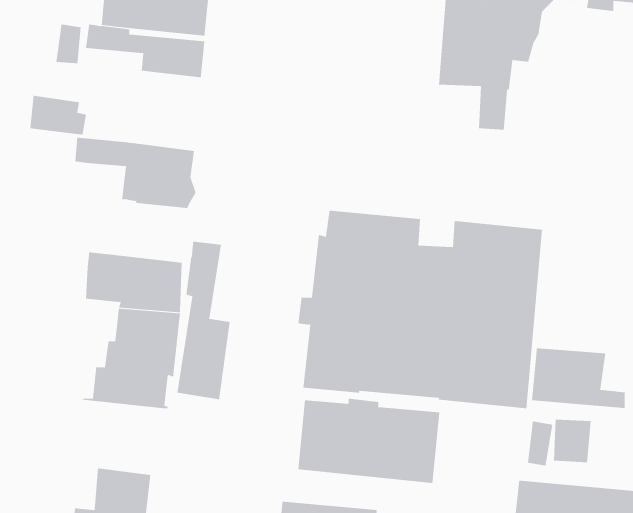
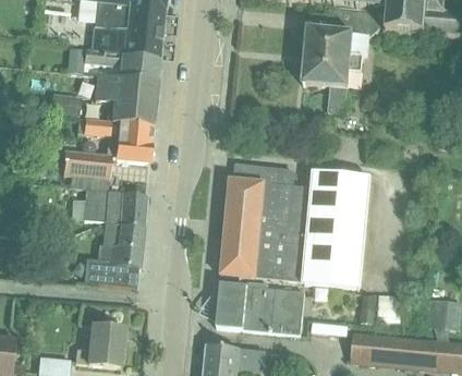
building: none -> [96,73,157,125]
building: none -> [61,150,110,178]
building: [177,241,230,400] -> none
building: [532,347,625,409] -> none

